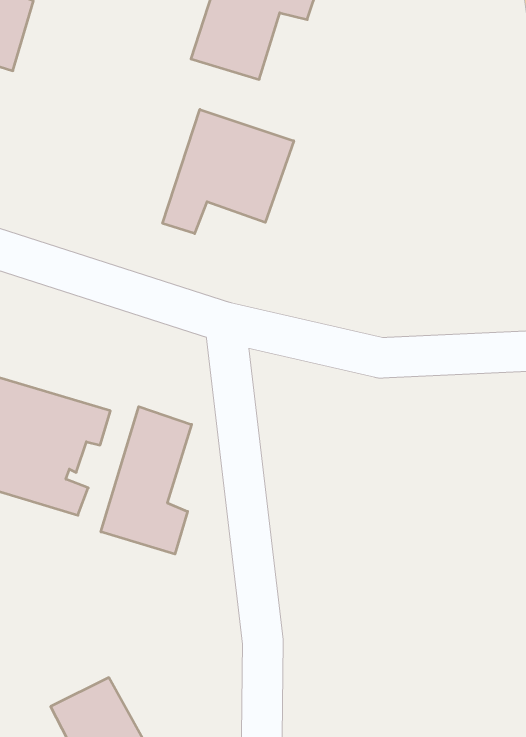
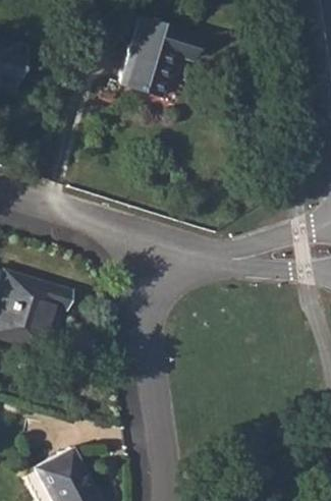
building: [163,109,294,234] -> none
building: [101,407,192,554] -> none

